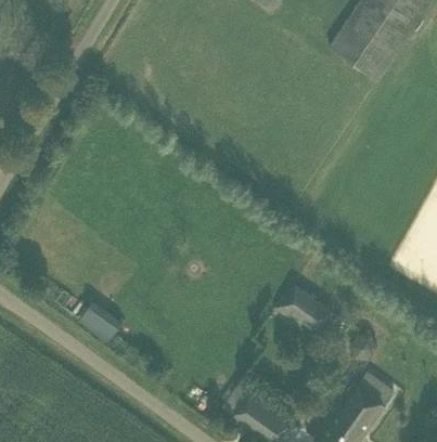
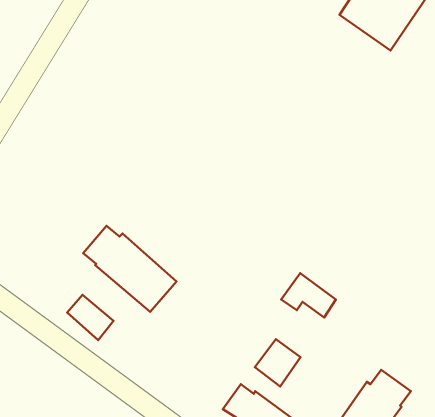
building: none -> [83,226,176,312]
building: none -> [255,339,301,386]

